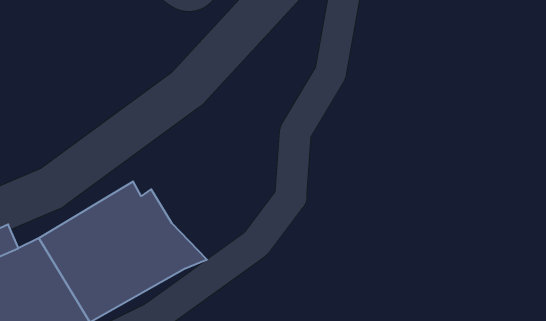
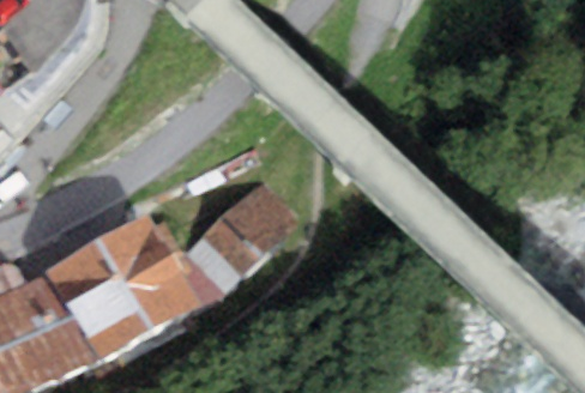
building: none -> [185,185,298,296]

